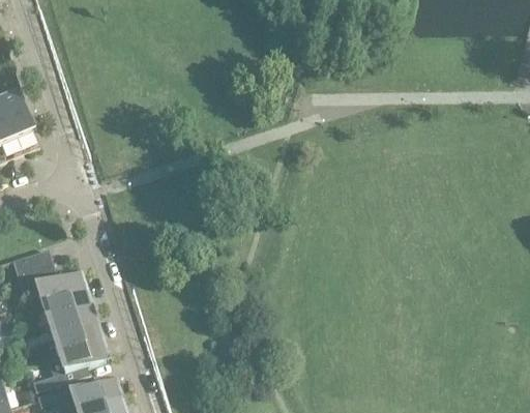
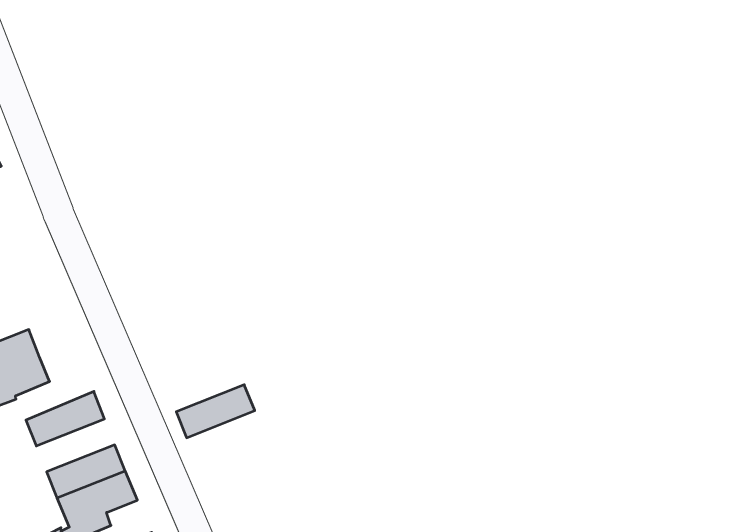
building: [36,271,85,302] -> none
building: [47,305,95,335] -> [176,385,255,438]

